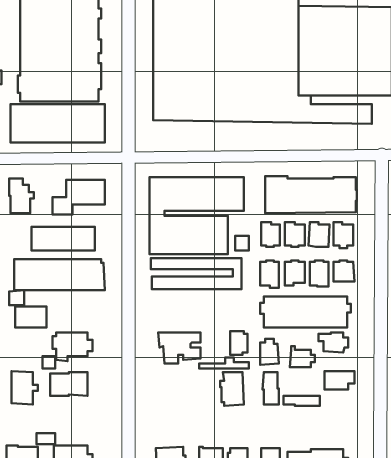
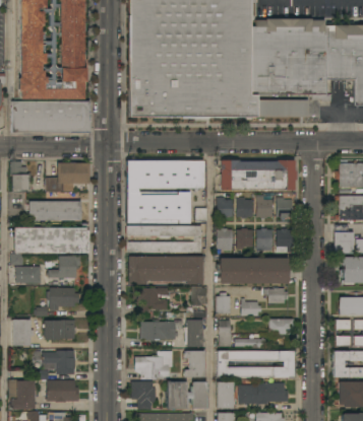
building: none -> [49,256,80,277]
building: none -> [129,256,203,284]
building: none -> [140,320,183,340]
building: none -> [184,349,206,376]
building: none -> [218,349,296,378]
building: none -> [43,350,76,373]
building: none -> [135,350,173,378]

